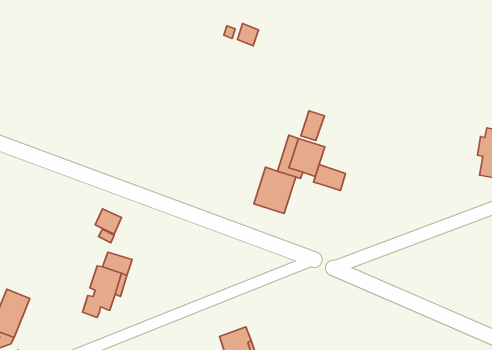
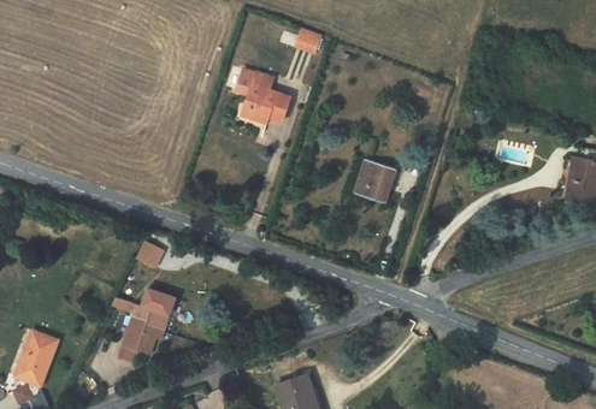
building: none -> [236,69,290,121]
building: [301,111,324,140] -> none
building: [313,164,346,190] -> none
building: [254,167,296,214] -> none

